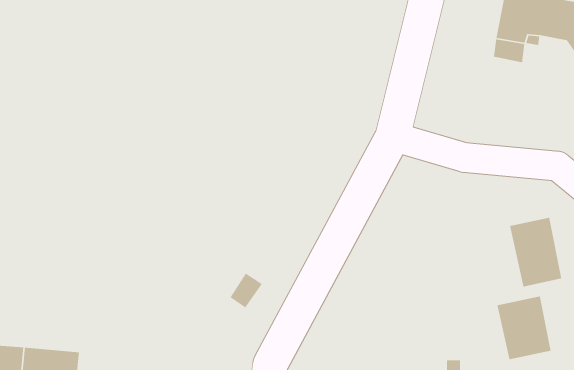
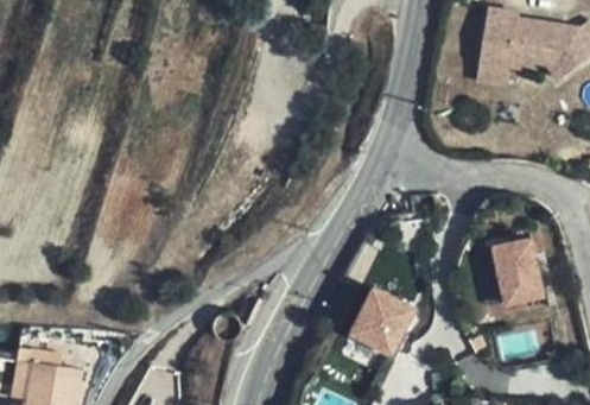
building: none -> [350,285,417,353]
building: [496,296,552,360] -> none

